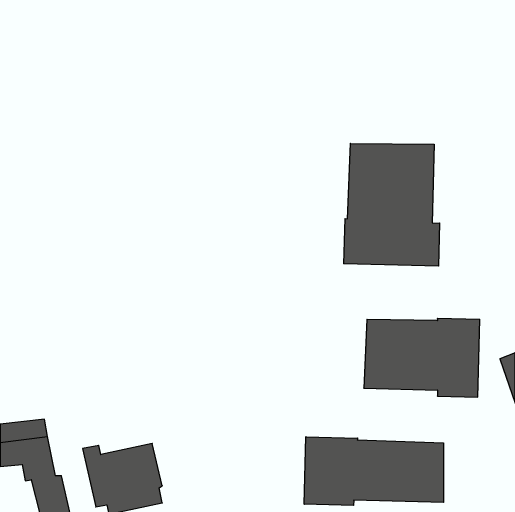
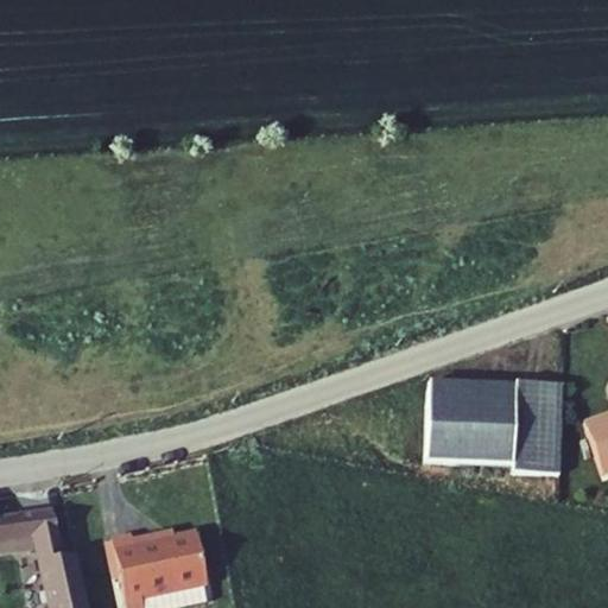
building: [344,143,440,266] -> none
building: [304,437,443,505] -> none

